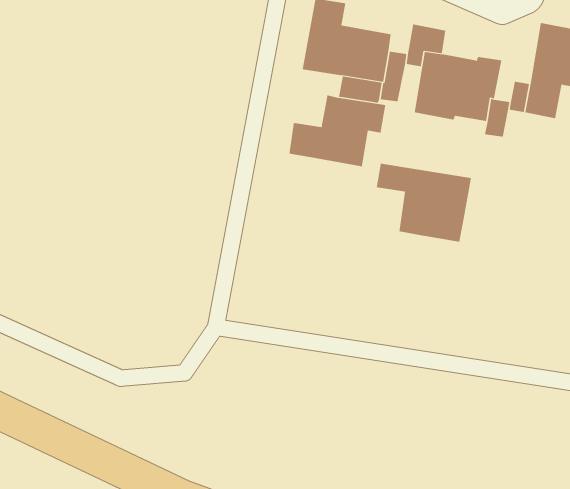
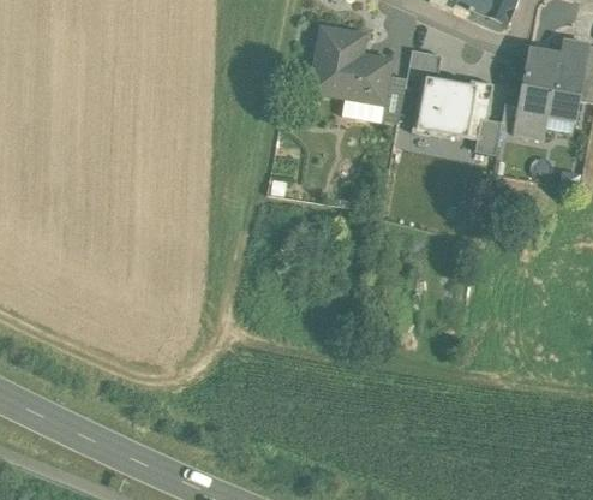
building: [289,95,386,167] -> none
building: [376,163,471,242] -> none

